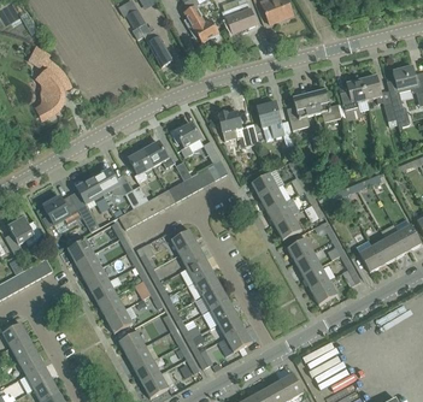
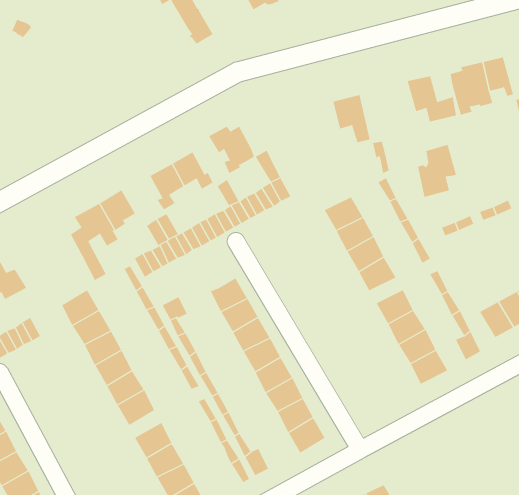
building: [37,70,63,118] -> none
building: [287,91,315,129] -> [417,144,457,198]
building: [218,111,259,146] -> none
building: [43,196,82,224] -> none

